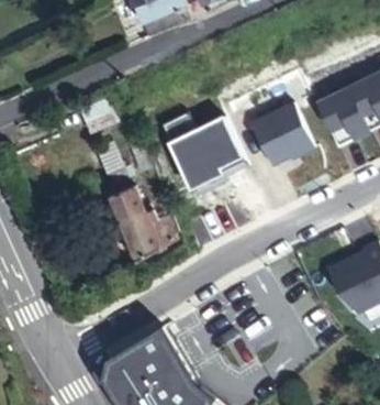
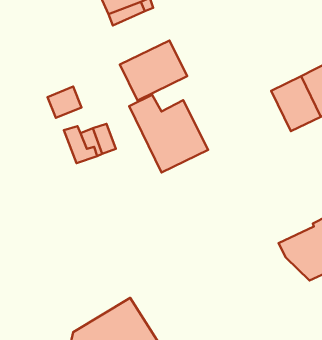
building: none -> [120,40,187,100]
building: [252,106,314,167] -> none
building: [107,188,180,261] -> none

